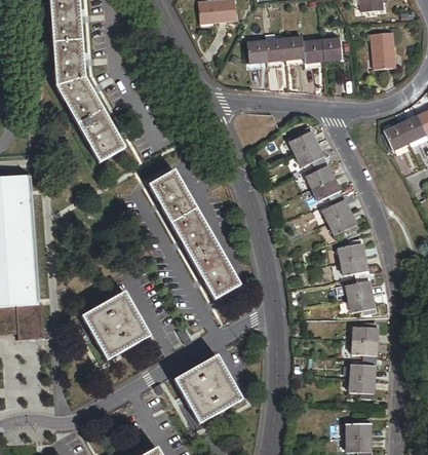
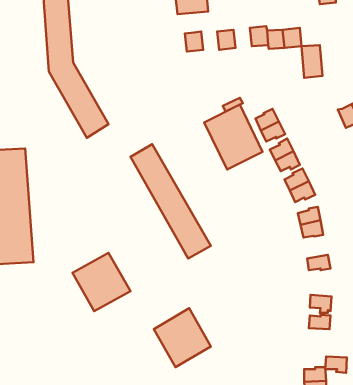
building: [373,32,396,69] -> [302,45,322,78]
building: [266,38,286,61] -> [185,32,203,52]
building: none -> [204,105,263,170]
building: [346,278,373,299] -> none
building: [353,325,379,342] -> none
building: [350,378,375,396] -> [325,356,347,373]

